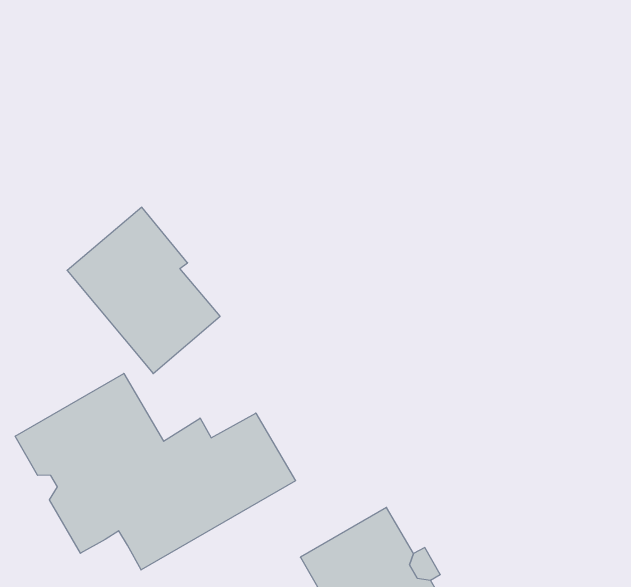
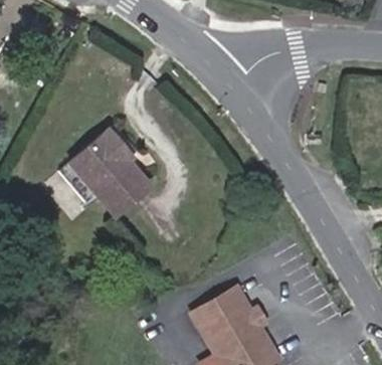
building: [15,373,296,570] -> none

